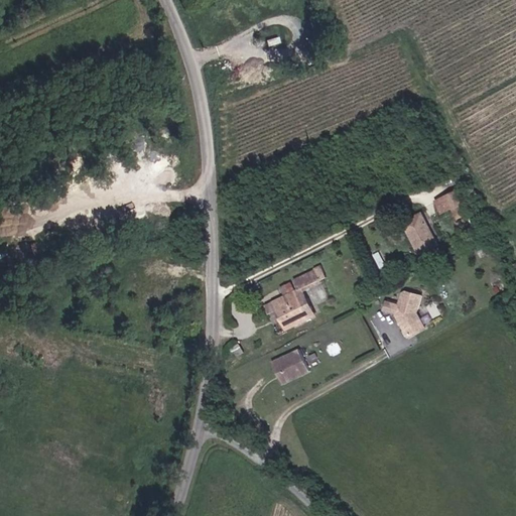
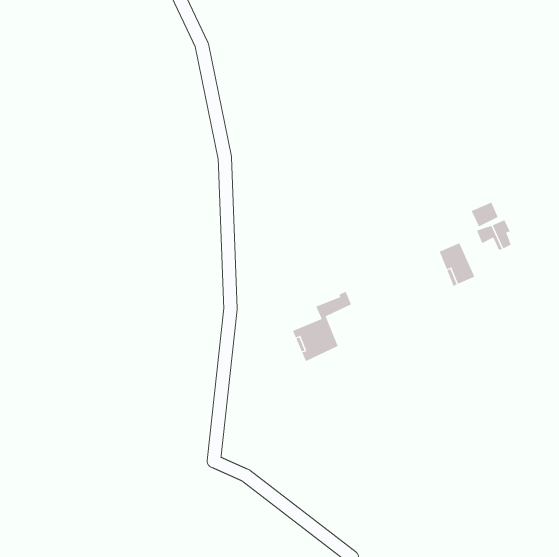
building: [384,288,424,335] -> none
building: [270,346,308,381] -> none

